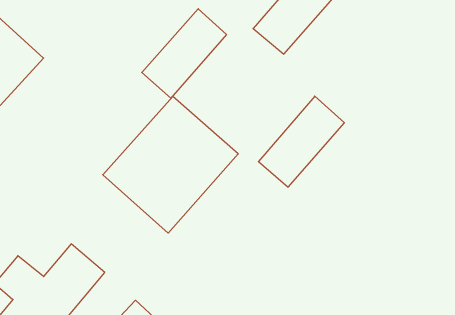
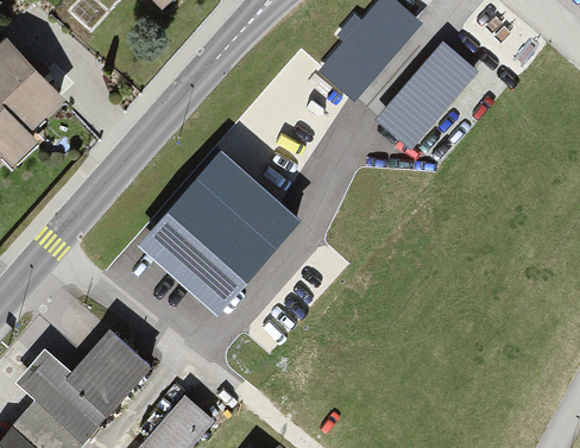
building: [142,9,226,98] -> none
building: [258,96,344,187] -> [376,42,479,151]

